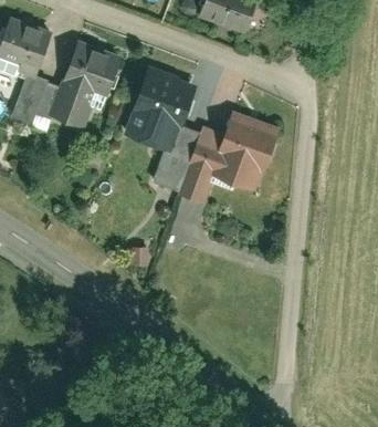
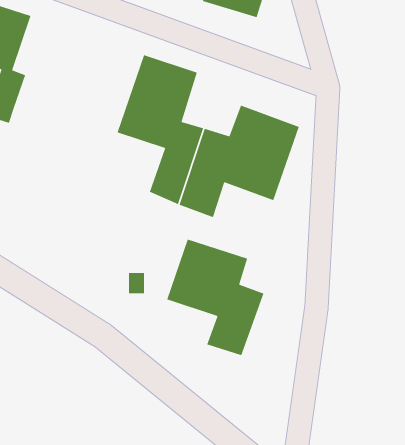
building: [36,42,120,127] -> none
building: none -> [166,239,265,356]

